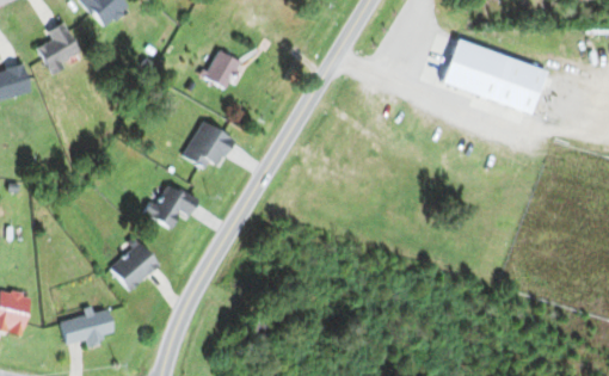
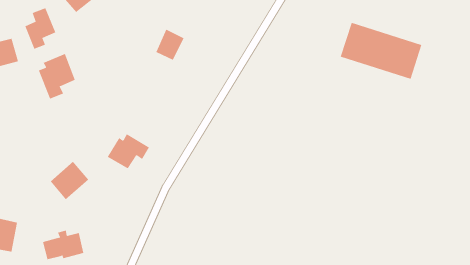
building: none -> [38,53,75,100]
building: [183,119,233,173] -> none
building: [110,241,160,291] -> [50,161,89,200]

